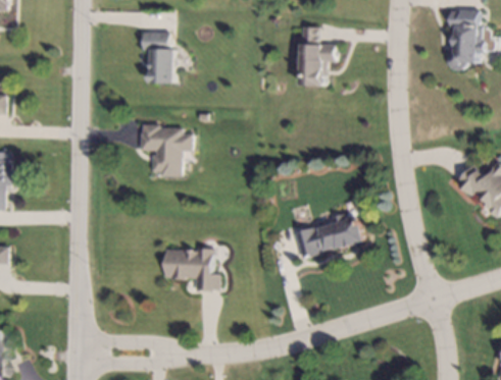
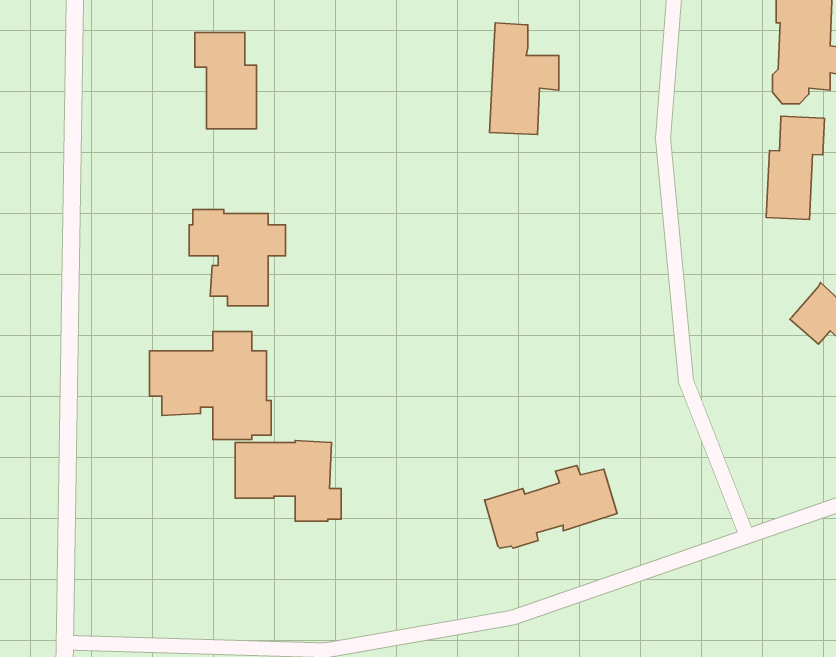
building: none -> [766,116,824,219]
building: none -> [150,332,271,439]
building: [294,214,364,258] -> [484,465,617,548]

